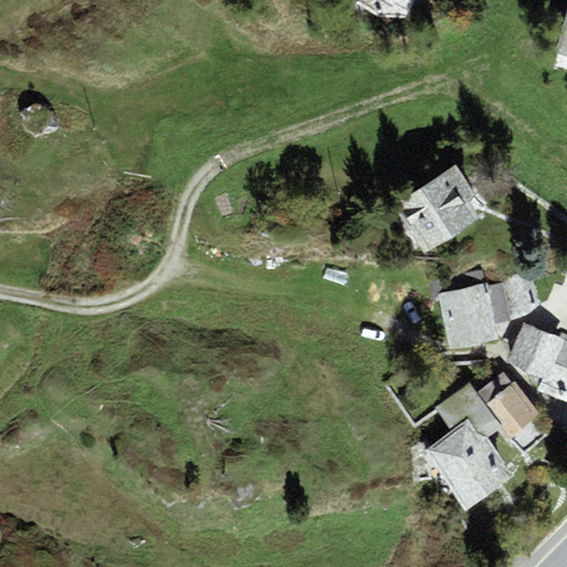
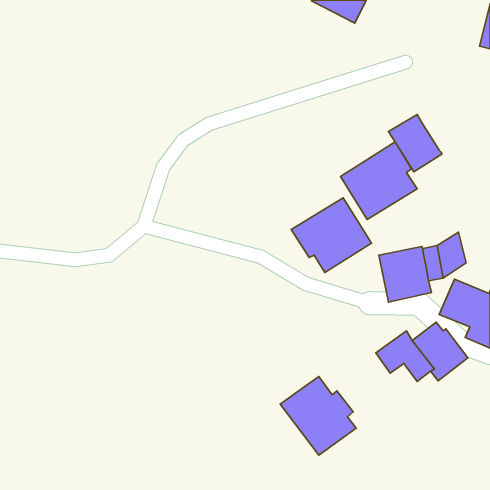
building: none -> [389,115,442,172]
building: none -> [291,198,371,273]
building: [422,420,509,511] -> [280,376,356,455]

